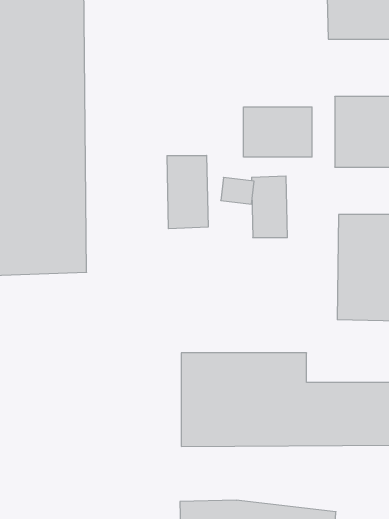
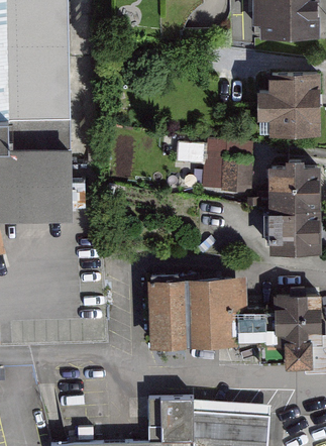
building: [244,107,312,157] -> none
building: [167,155,208,229] -> none

